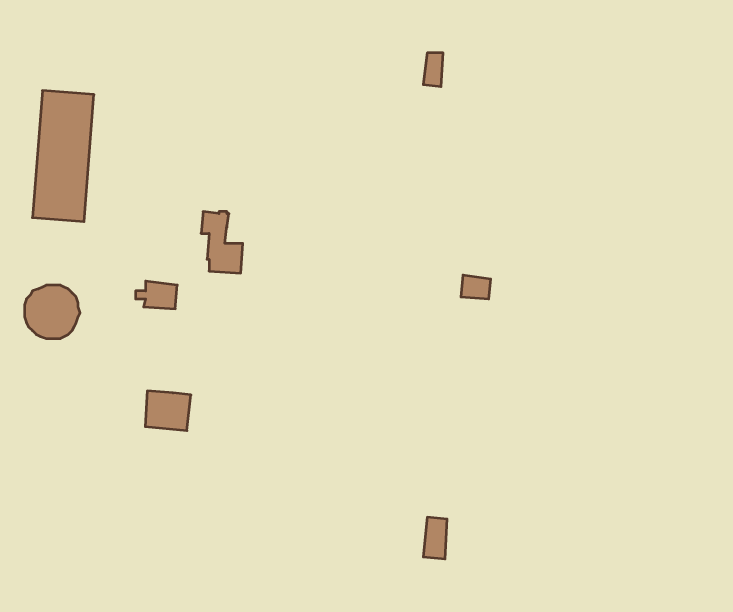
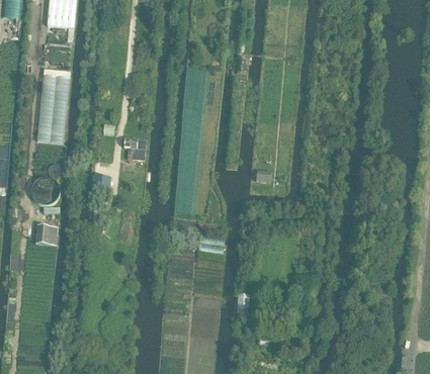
building: [145,391,191,431] -> [35,223,59,244]

